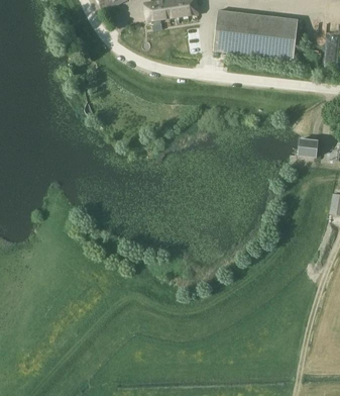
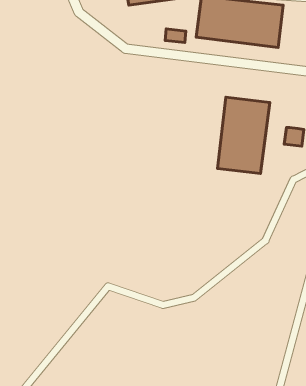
building: none -> [217,97,270,174]

